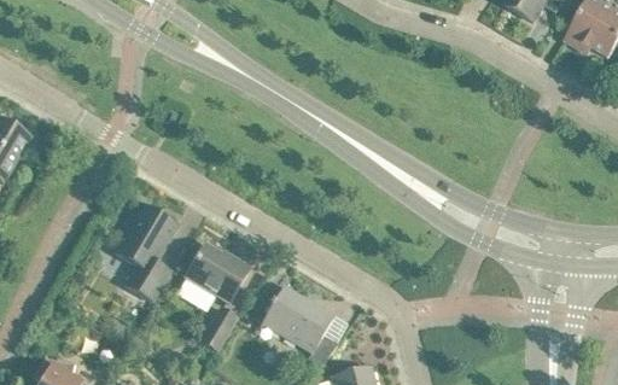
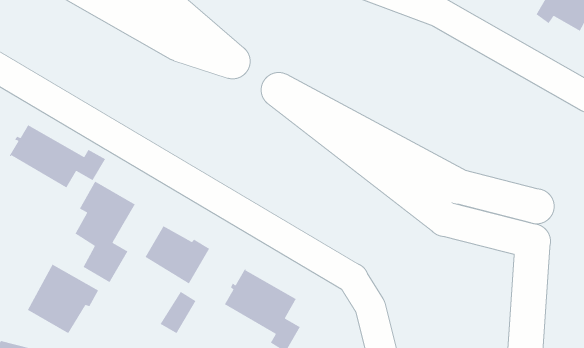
building: none -> [9,124,106,189]
building: none -> [27,263,99,334]

